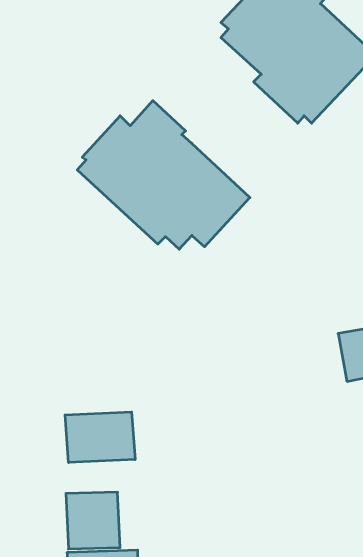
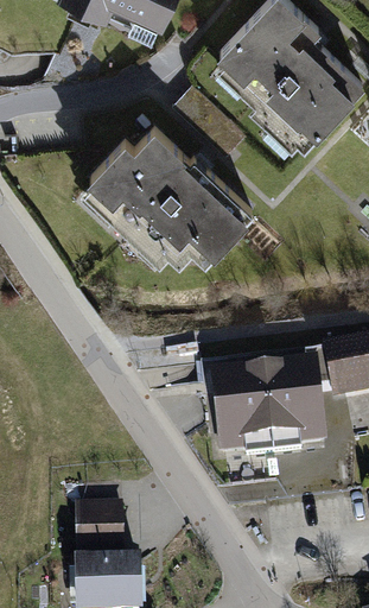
building: none -> [215,363,322,450]
building: [65,412,135,463] -> none

